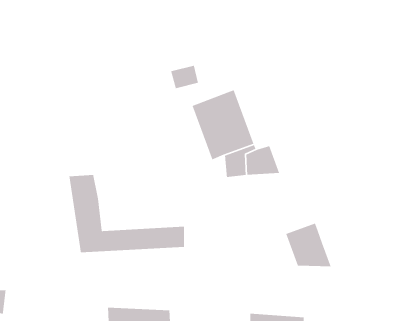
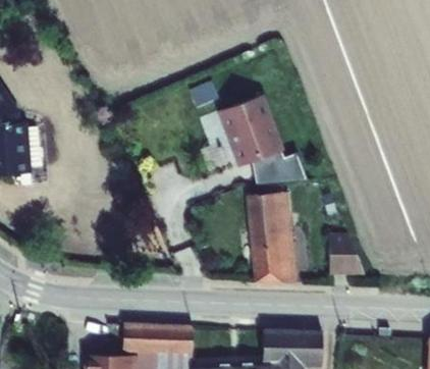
building: [68,174,185,253] -> none
building: none -> [241,201,287,289]

